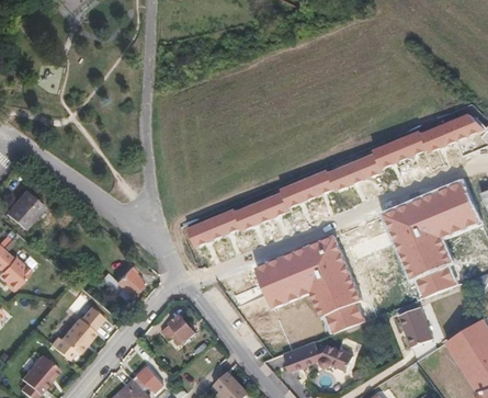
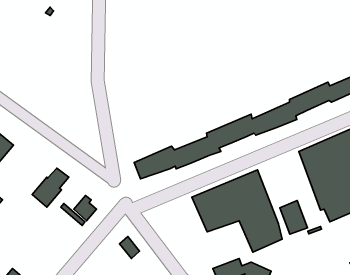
building: [58,307,102,354] -> [32,168,69,207]
building: [397,307,430,348] -> [280,200,307,234]

